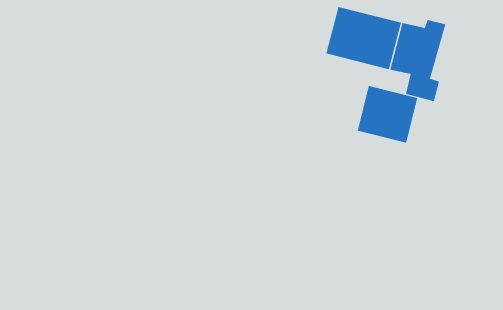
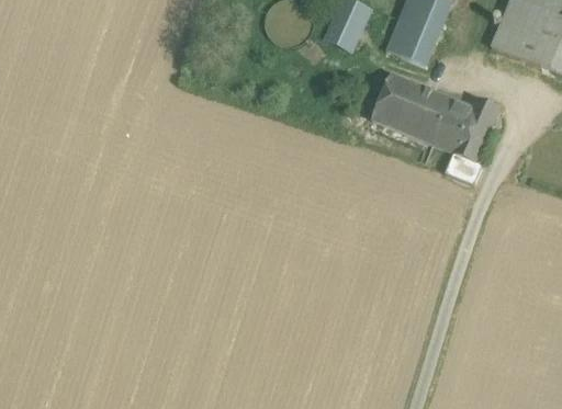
building: [357,85,418,144] -> none

